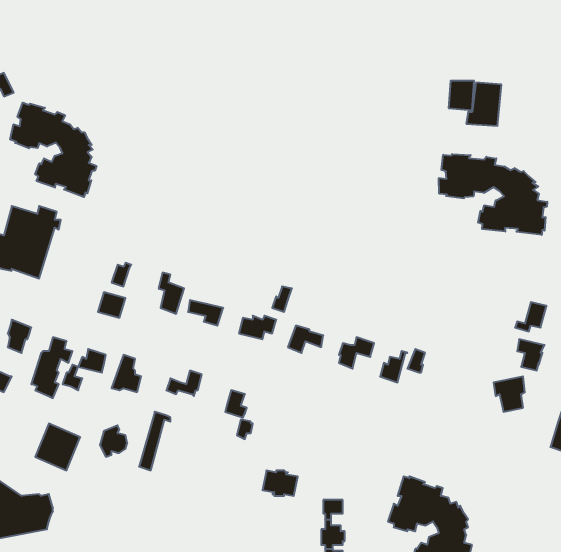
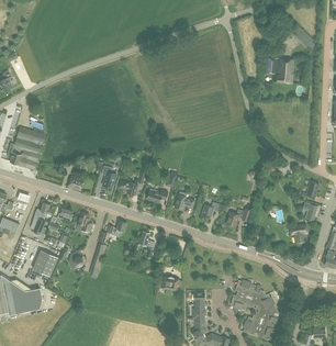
building: [10,103,96,197] -> none
building: [439,154,547,235] -> none

